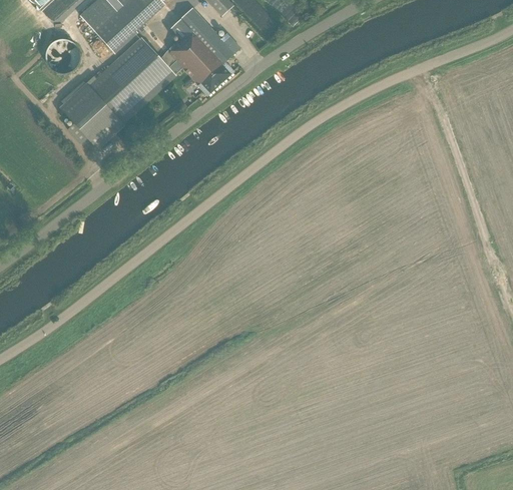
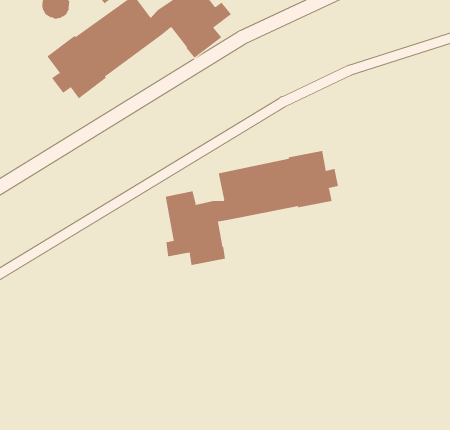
building: none -> [165,150,338,266]

